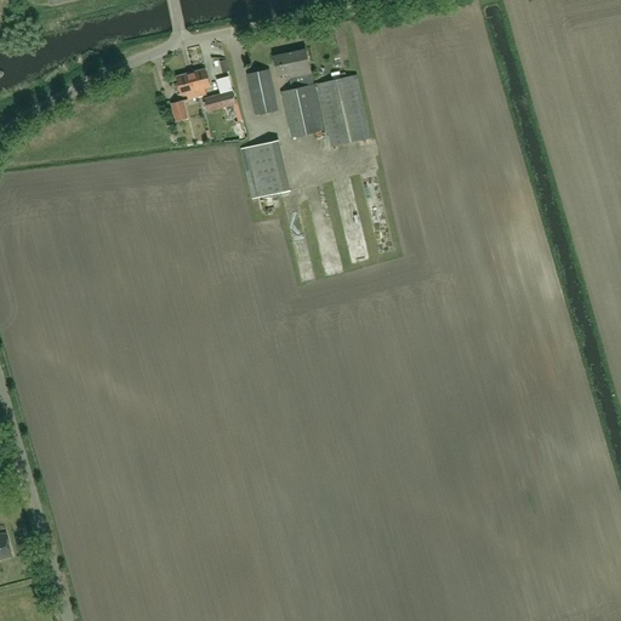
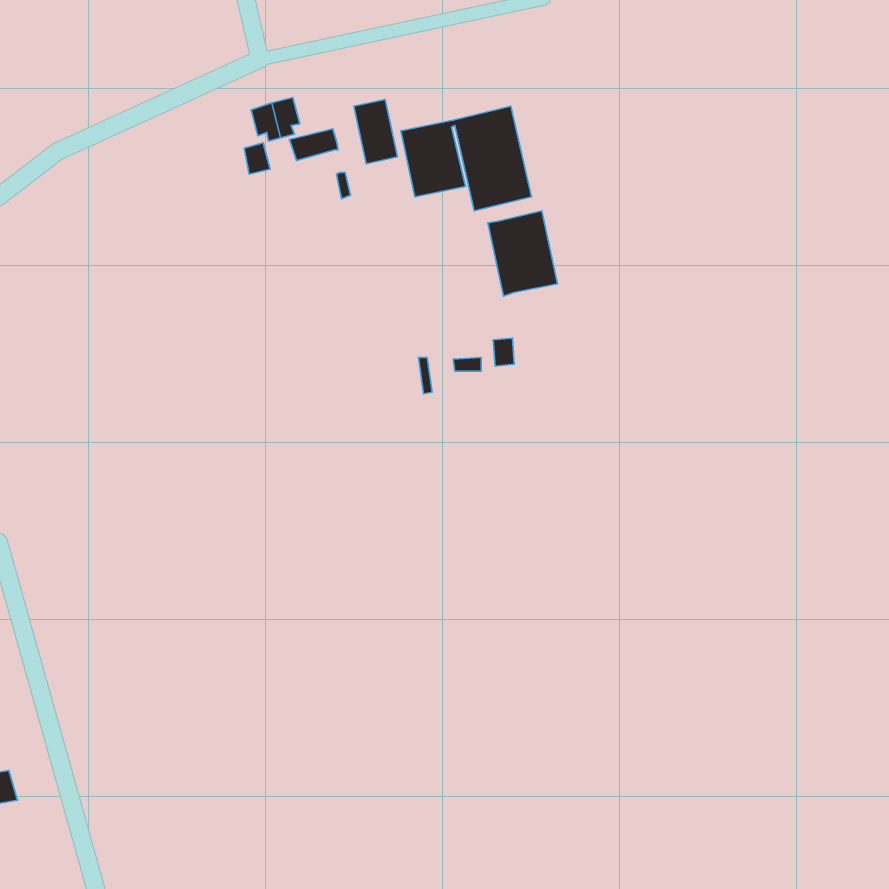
building: [273,49,312,85] -> none
building: [240,139,289,199] -> [488,211,558,296]

